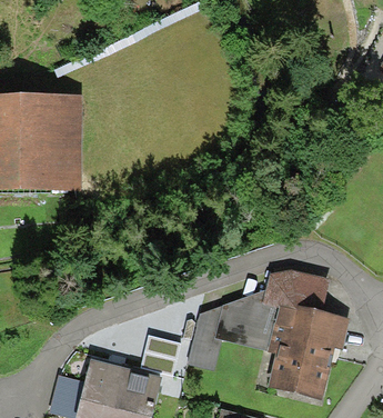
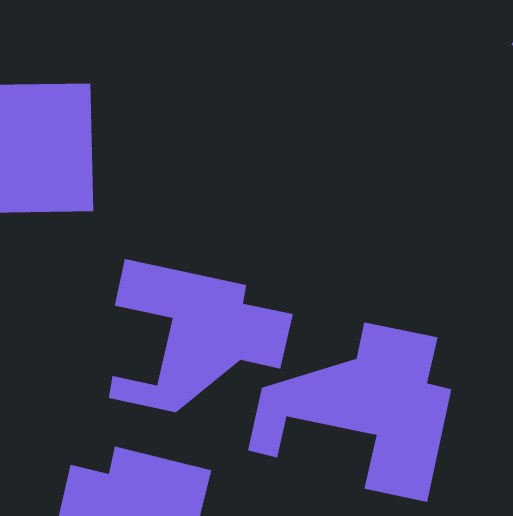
building: none -> [108,258,293,413]

